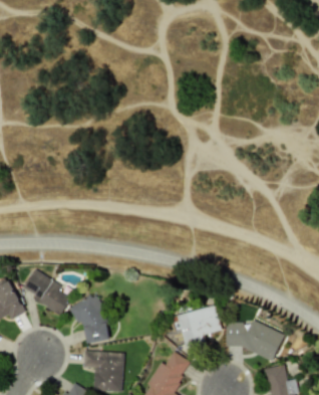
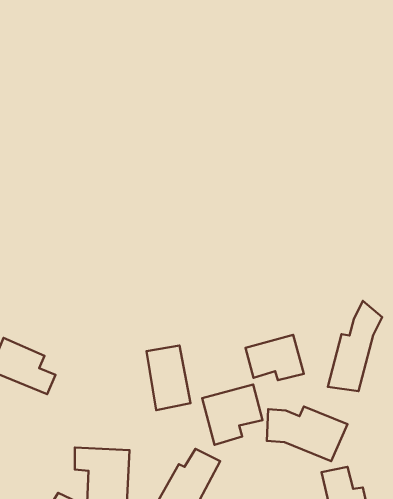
building: none -> [328,301,382,391]
building: none -> [245,335,304,380]
building: [76,298,108,345] -> [146,346,190,410]

